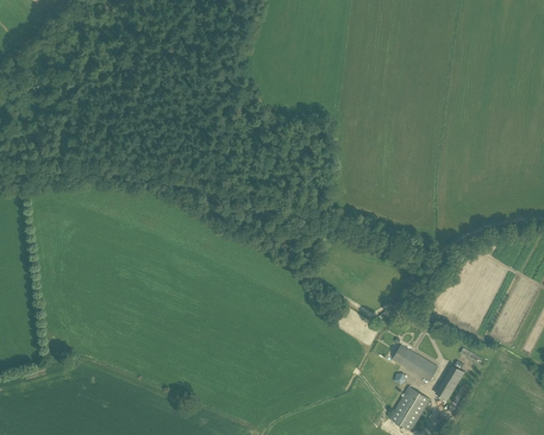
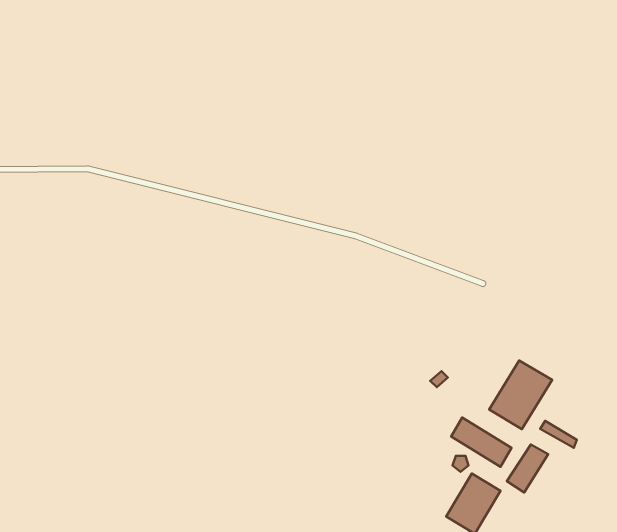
building: none -> [489,360,552,429]

